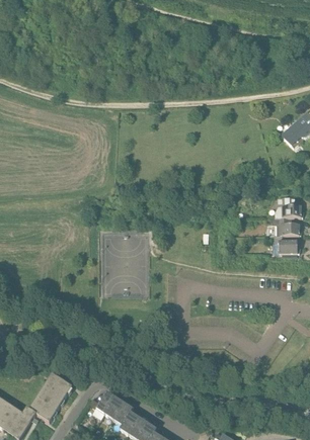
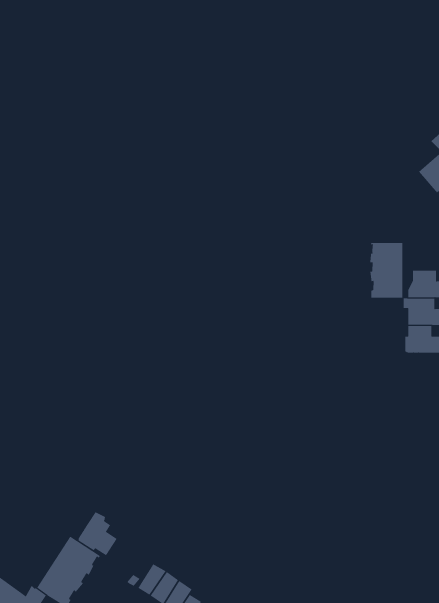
building: none -> [370,242,403,299]
building: none -> [78,512,118,556]

